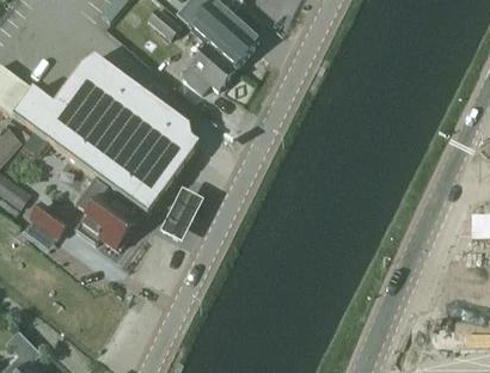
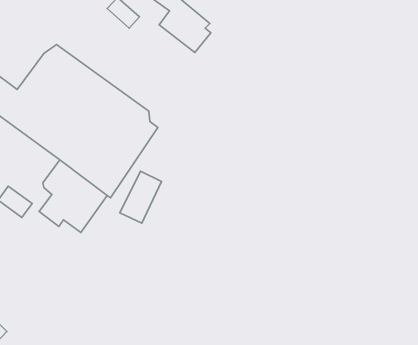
building: [180,41,235,90] -> none

